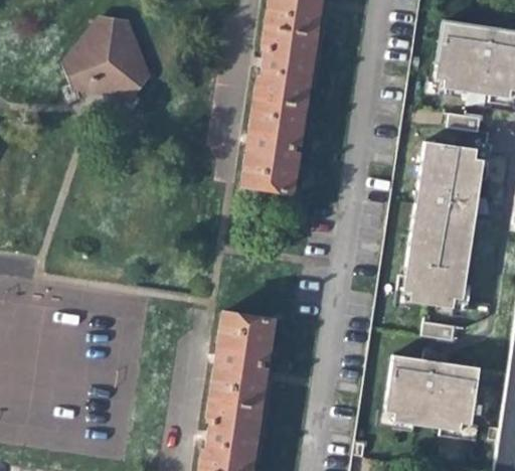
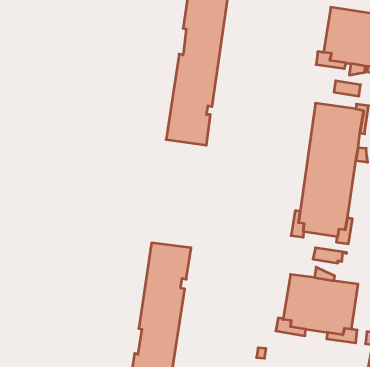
building: [67,19,151,102] -> none

